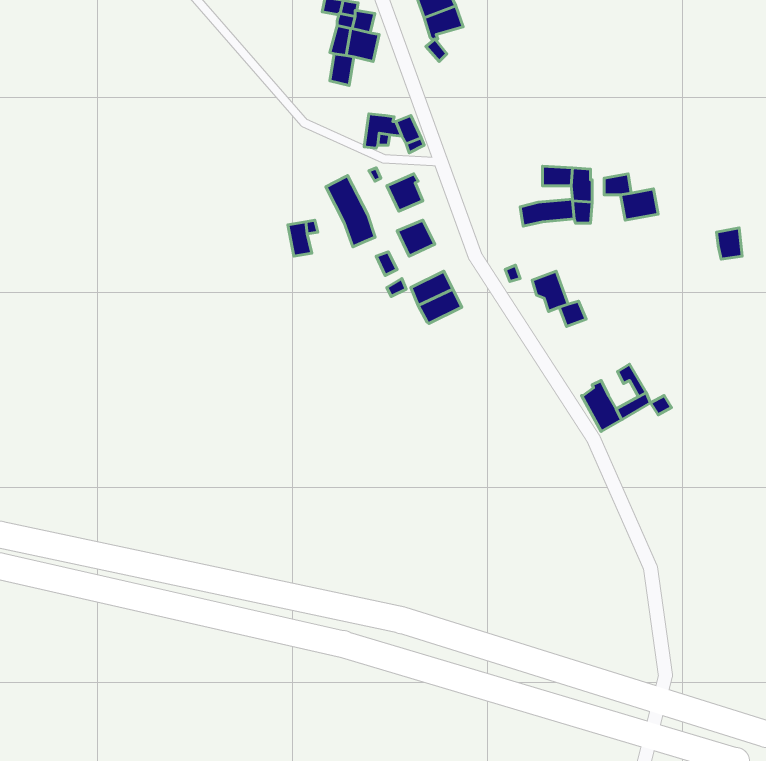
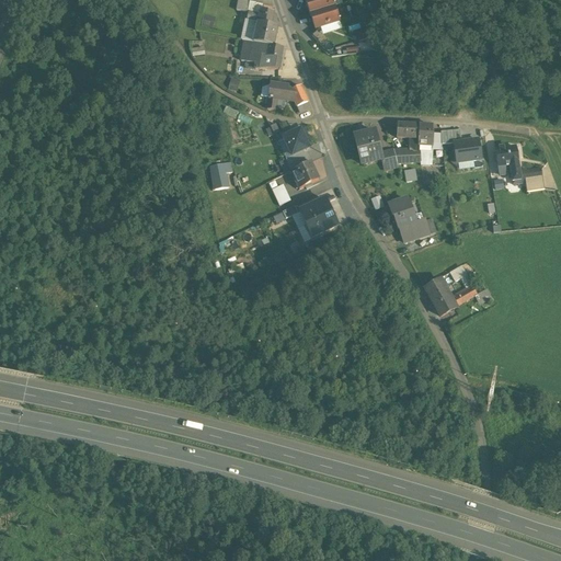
building: none -> [254,42,283,68]
building: [326,175,375,247] -> none
building: none -> [354,129,381,161]
building: none -> [494,142,520,180]

